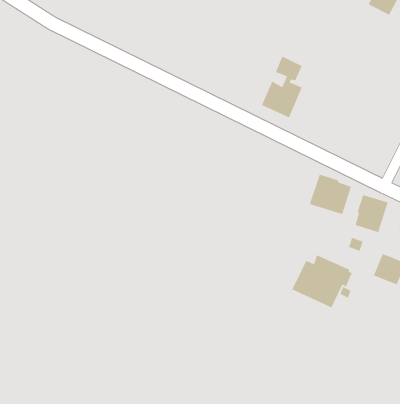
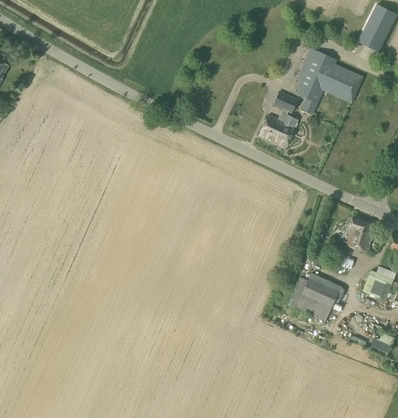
building: none -> [294,47,363,113]
building: [309,174,351,215] -> none

